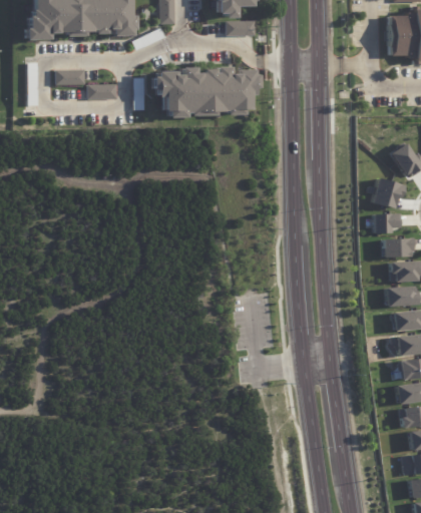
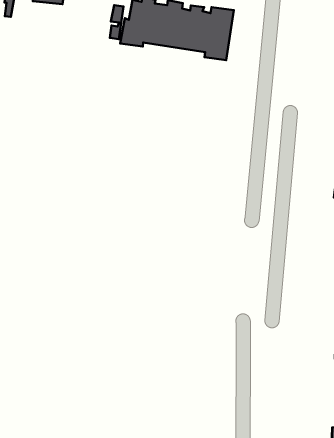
building: [88,84,117,100] -> none

